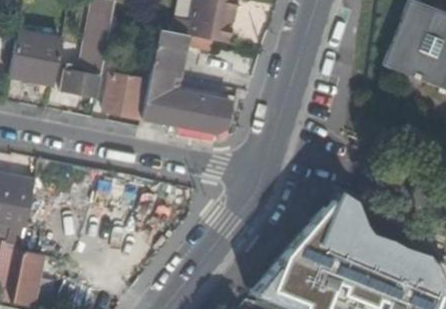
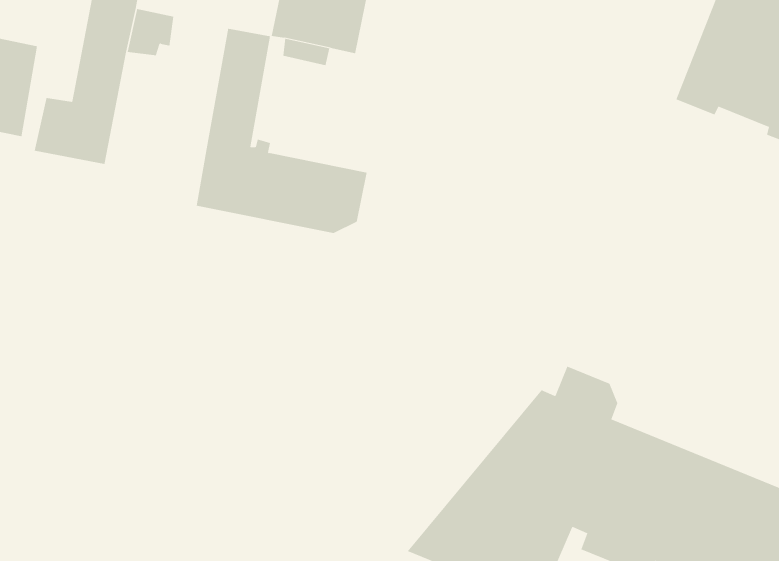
building: [104,73,147,118] -> none

